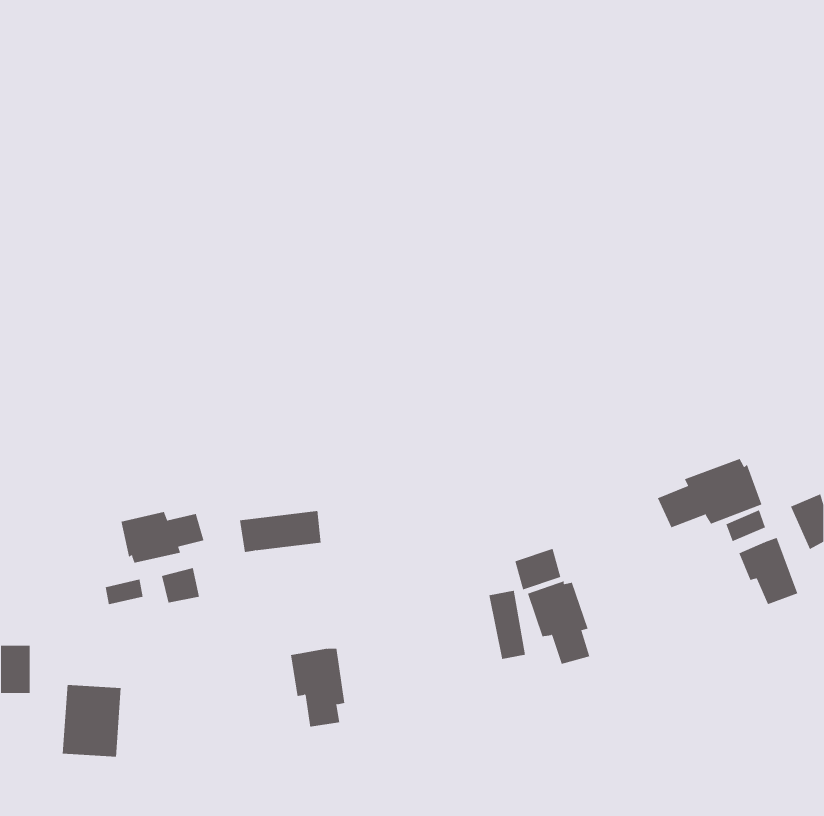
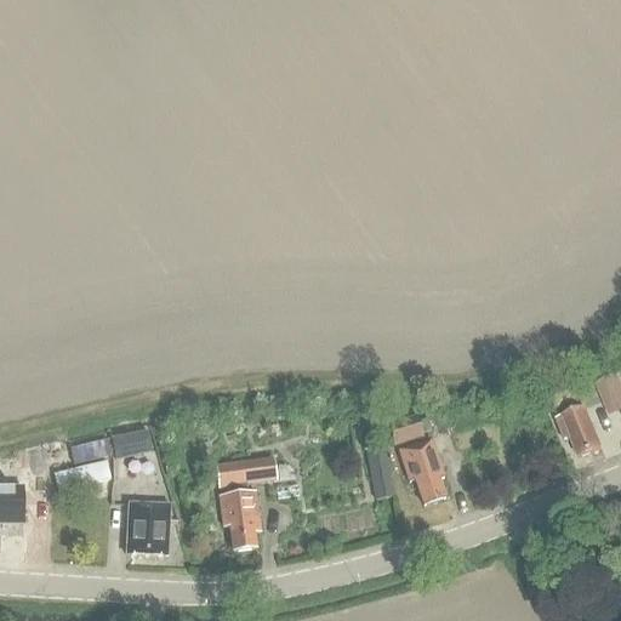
building: [657,458,762,528] -> none
building: [239,510,322,552] -> [213,455,275,486]
building: [121,511,204,563] -> none
building: [62,685,122,757] -> [126,500,171,554]

